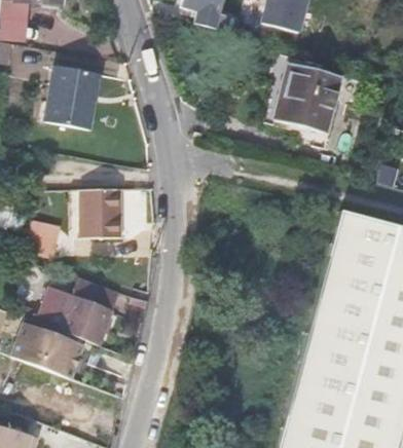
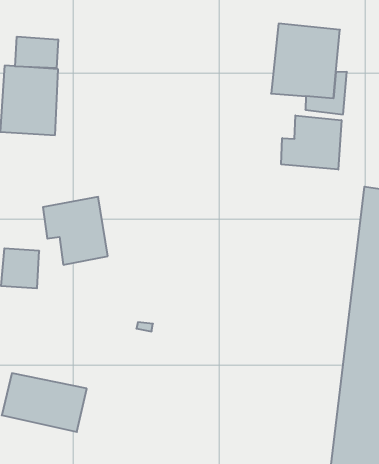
building: none -> [15,37,58,68]
building: none -> [281,115,341,170]
building: [39,288,116,344] -> none

